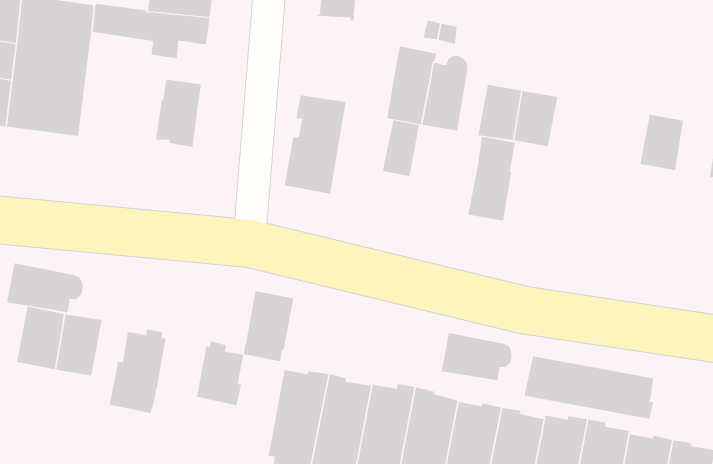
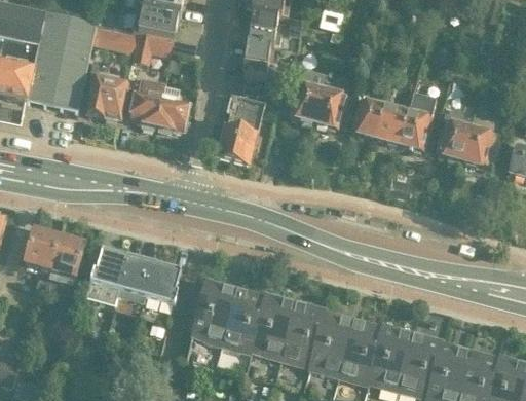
building: none -> [242,39,269,76]
building: none -> [86,59,126,114]
building: none -> [155,94,188,126]
building: none -> [438,117,471,160]
building: [382,120,419,177] -> none
building: [467,136,516,221] -> [400,87,437,147]
building: [7,262,83,313] -> none
building: [243,291,294,362] -> [116,253,154,303]
building: [441,332,512,381] -> none
building: [524,355,654,420] -> none

